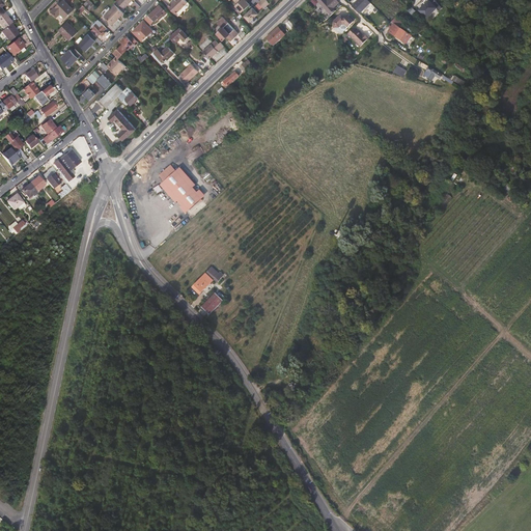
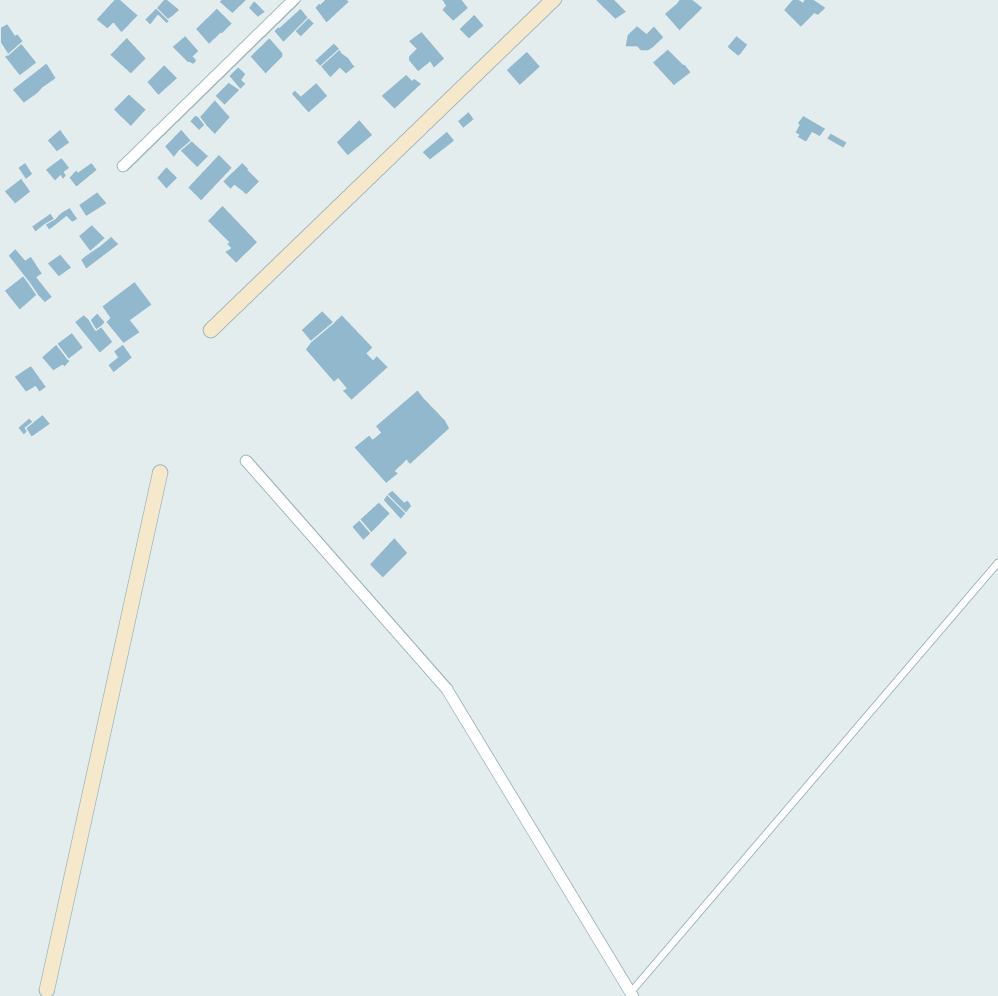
building: none -> [353,390,450,484]

